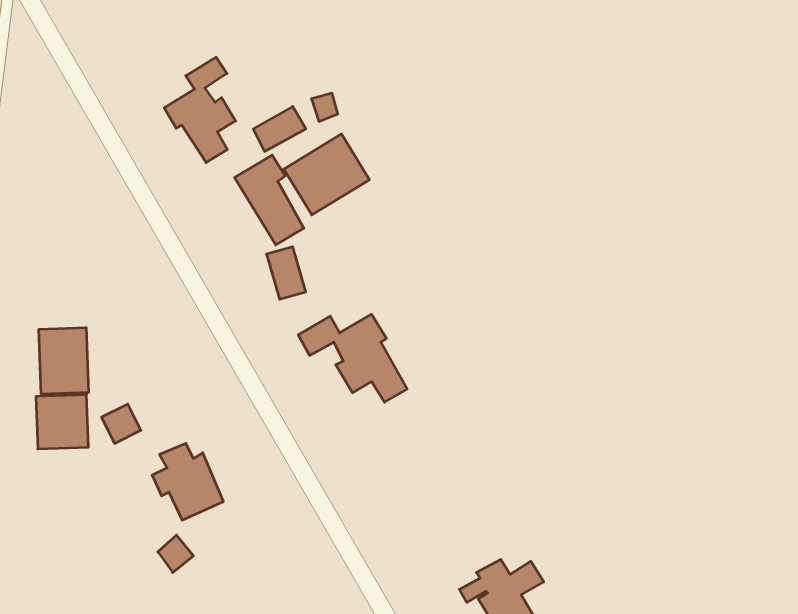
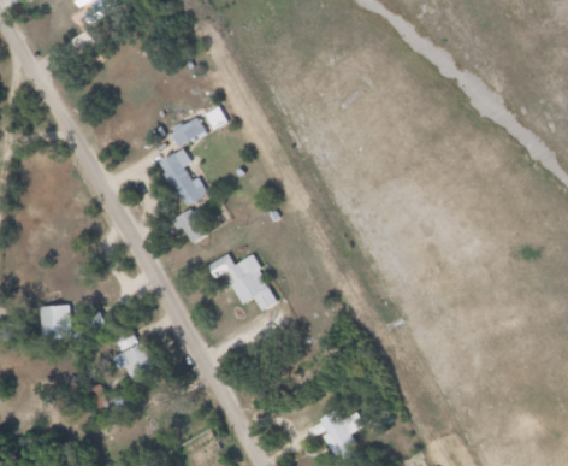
building: [164,57,236,163] -> none
building: [284,134,369,215] -> none
building: [39,328,89,394] -> none

